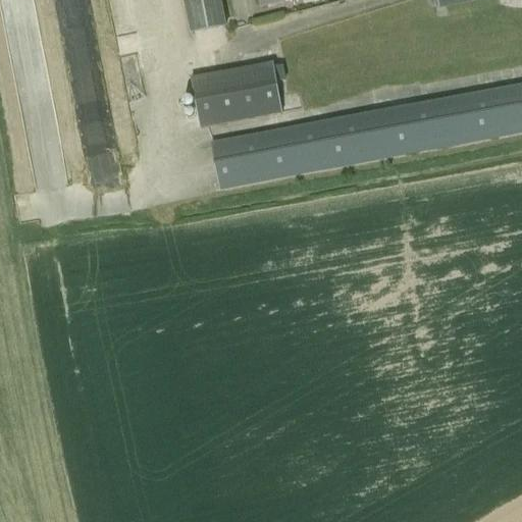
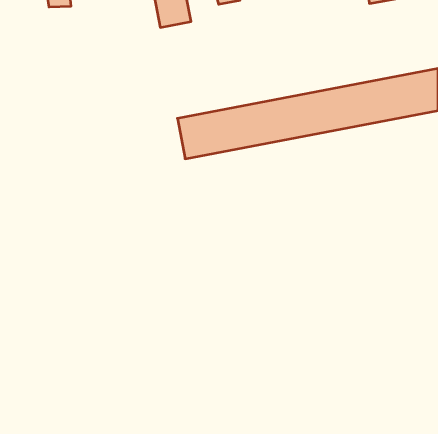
building: [191,60,283,126] -> none

